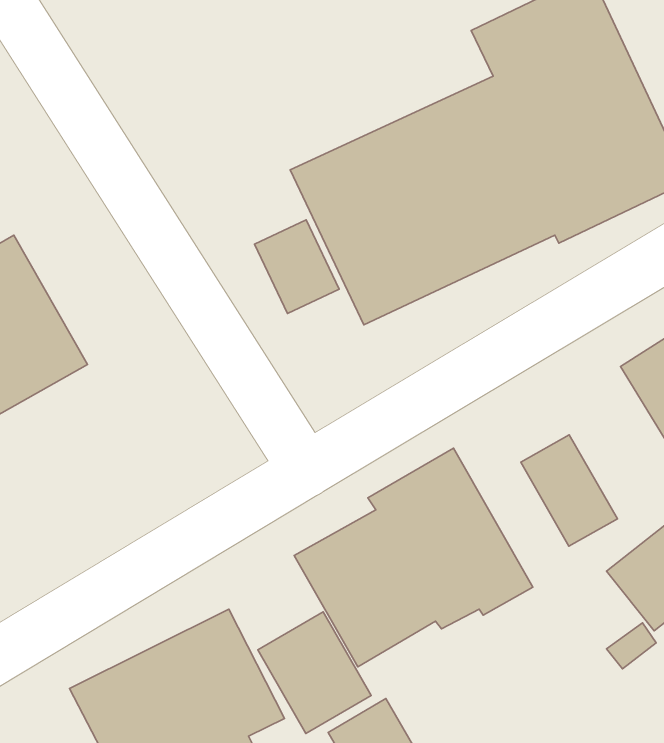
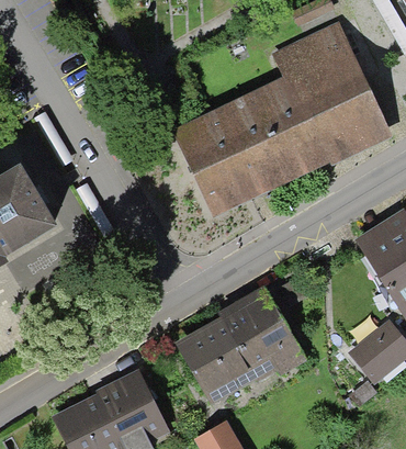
building: [254,220,339,313] -> none
building: [521,435,617,546] -> none
building: [258,612,371,733] -> none

